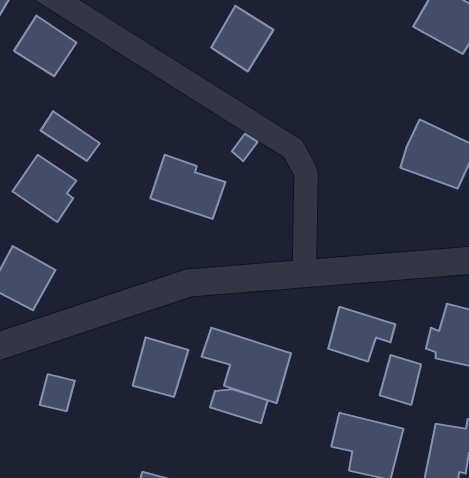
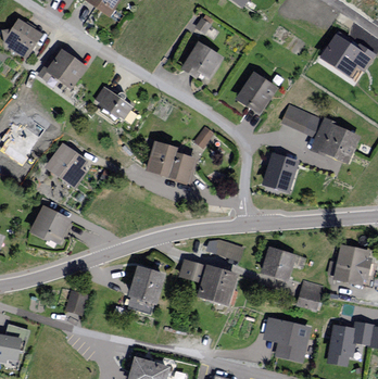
building: none -> [236,71,278,114]
building: none -> [281,102,323,136]
building: [40,111,100,161] -> [97,85,137,118]
building: none -> [262,151,300,193]
building: [210,389,268,423] -> [205,238,244,261]

